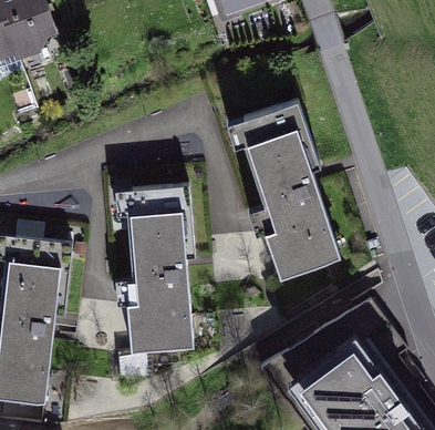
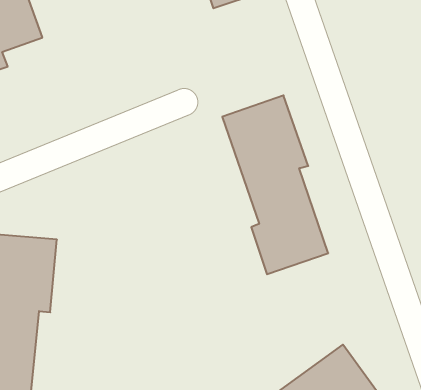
building: [125,186,195,352] -> none

